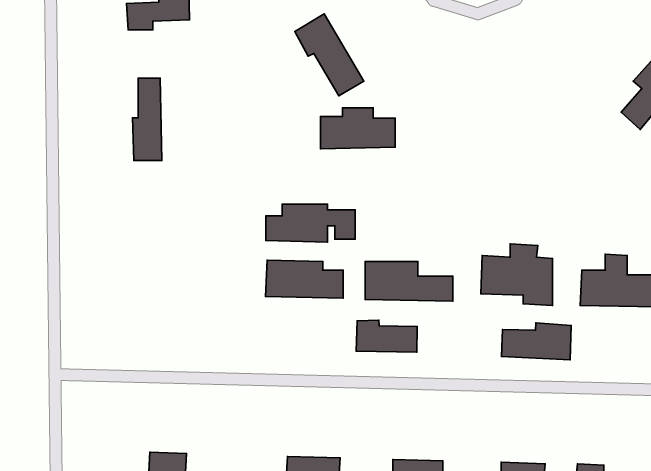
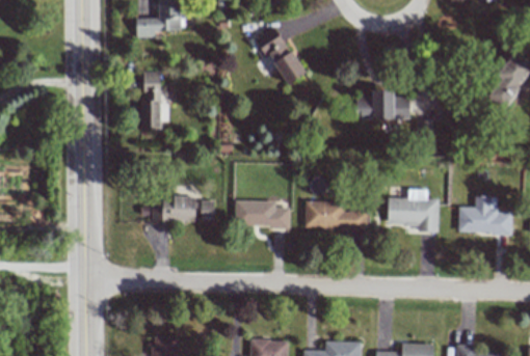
building: [320,108,395,149] -> [357,90,410,119]
building: [266,204,355,242] -> [153,196,216,223]
building: [356,320,417,352] -> none
building: [502,323,571,360] -> none

